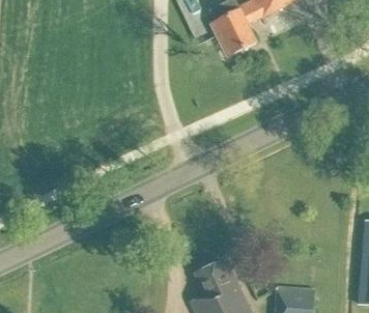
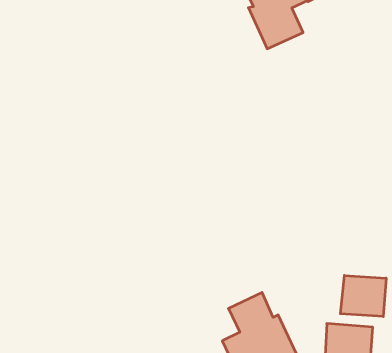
building: none -> [340,275,386,317]

